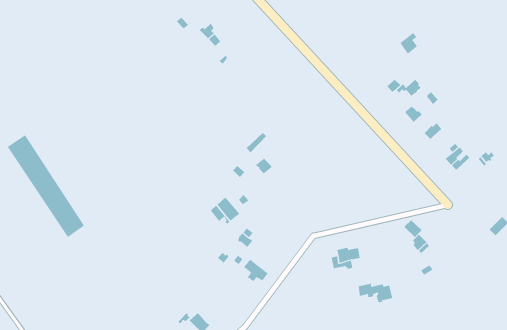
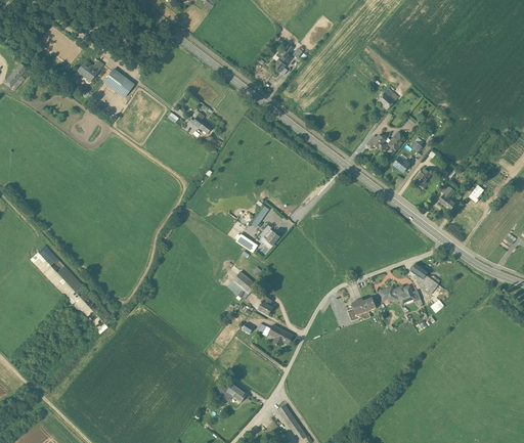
building: [358,283,393,303] -> [380,284,414,303]

